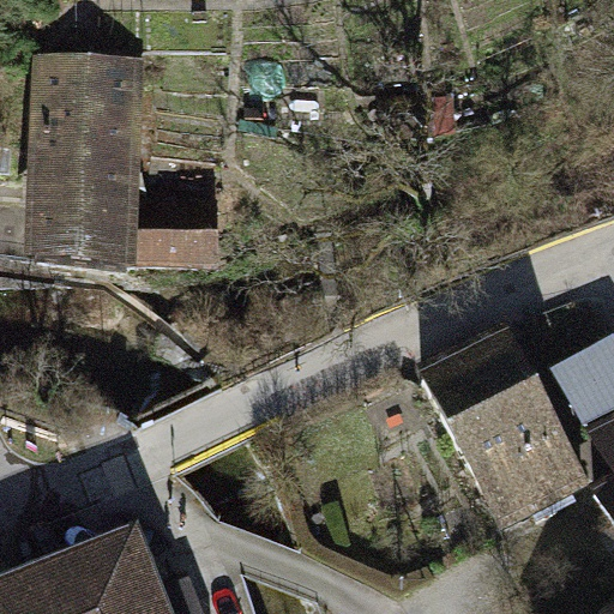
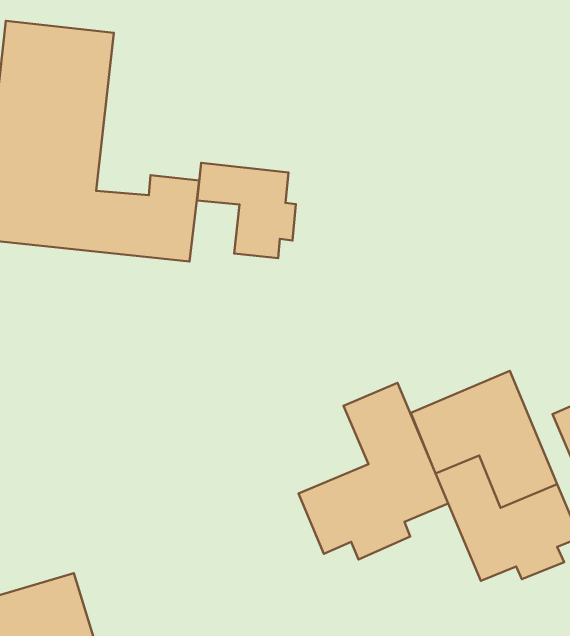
building: none -> [197,163,296,258]
building: none -> [298,383,448,559]

